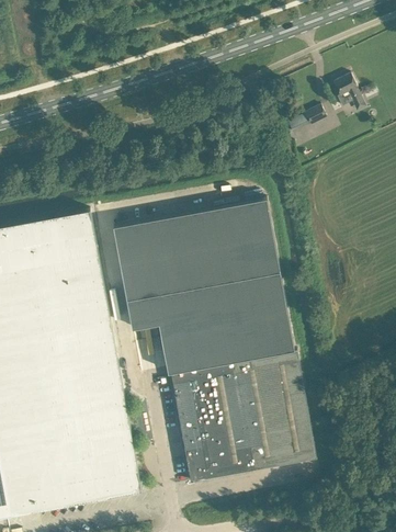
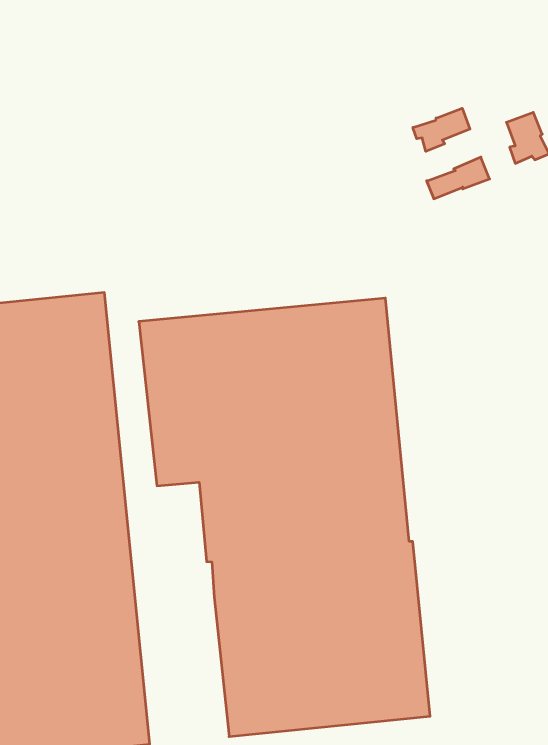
building: none -> [413,108,470,151]

